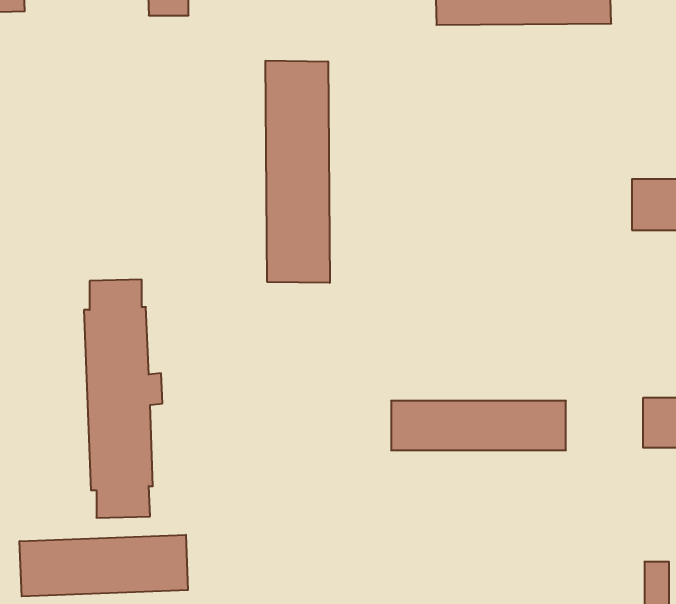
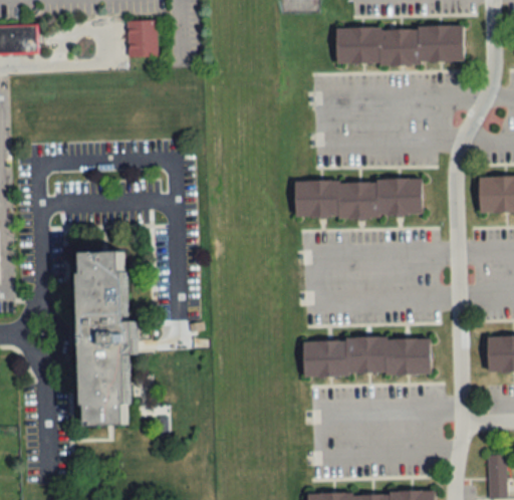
building: [266,61,330,283] -> none
building: none -> [295,180,422,218]
building: [20,535,188,596] -> none

